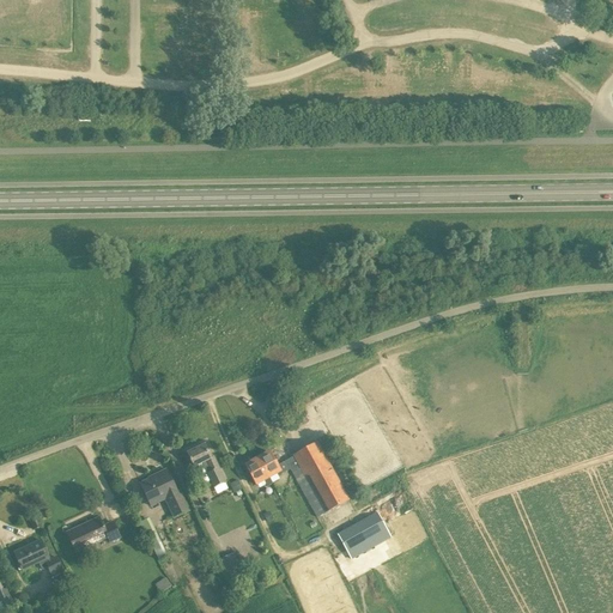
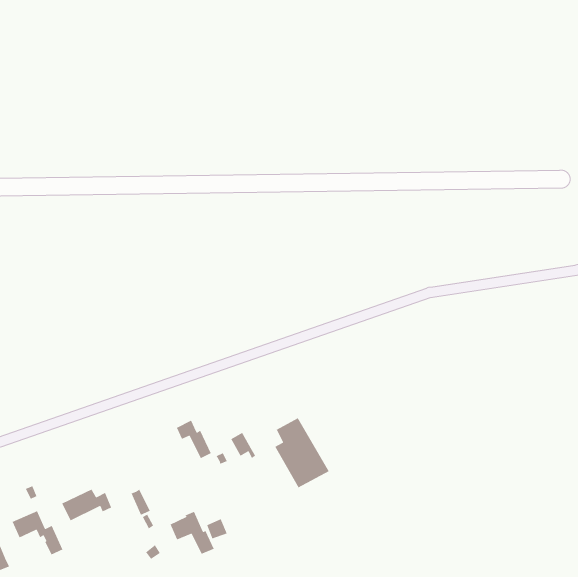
building: [256,450,298,475] -> none
building: [139,468,187,515] -> [169,511,215,555]
building: [335,510,390,558] -> none

